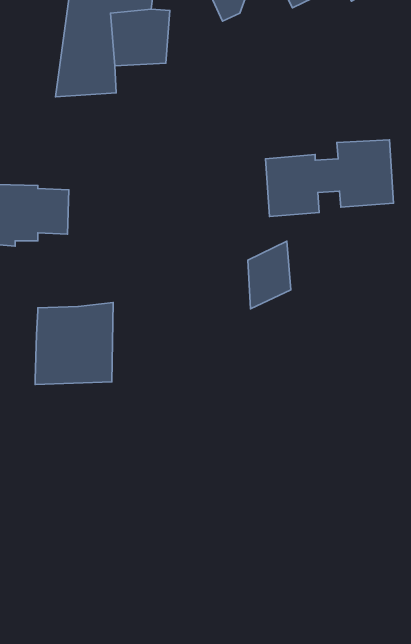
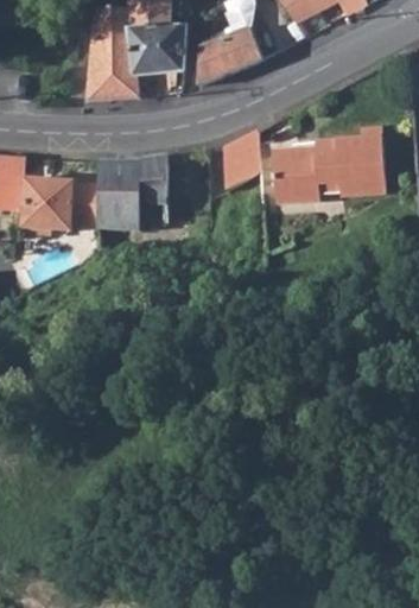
building: none -> [199,26,262,84]
building: [248,241,291,309] -> [221,129,259,189]
building: [35,302,113,385] -> [97,153,166,226]

